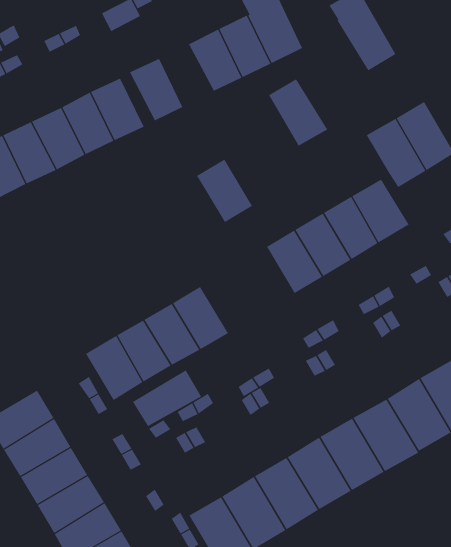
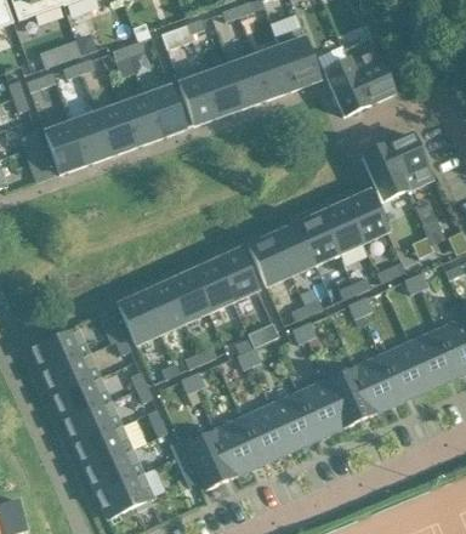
building: none -> [204,66,244,115]
building: [268,78,328,147] -> [324,59,369,114]
building: [196,159,253,223] -> [248,234,290,285]
building: none -> [216,249,258,300]
building: [132,369,202,427] -> none

